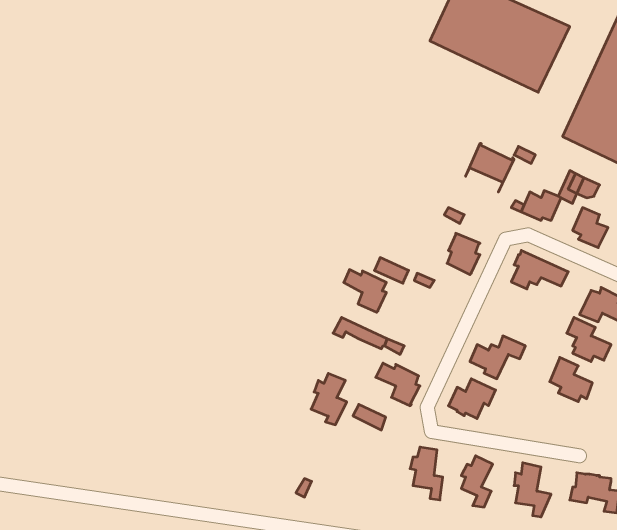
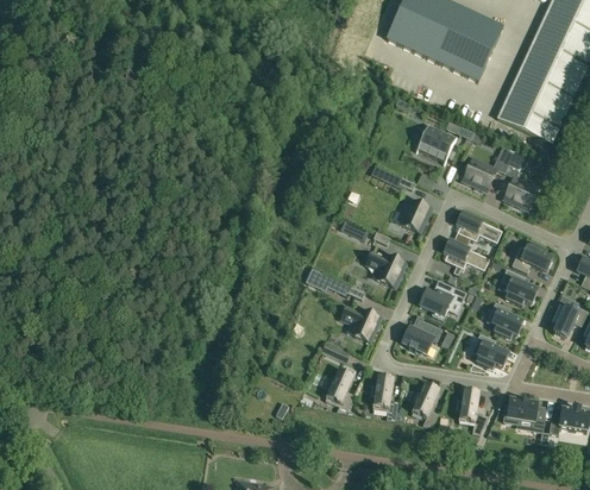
building: [344,270,386,312] -> [368,252,403,288]
building: none -> [444,241,489,275]
building: [311,373,347,425] -> [325,371,354,414]
building: none -> [471,333,508,370]

